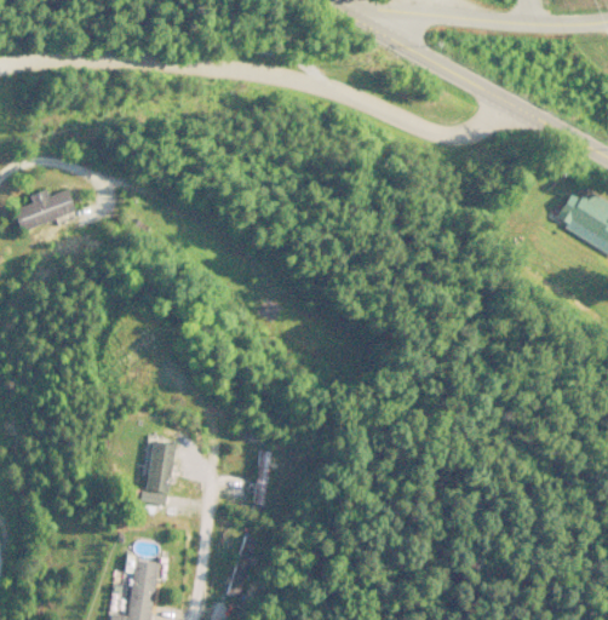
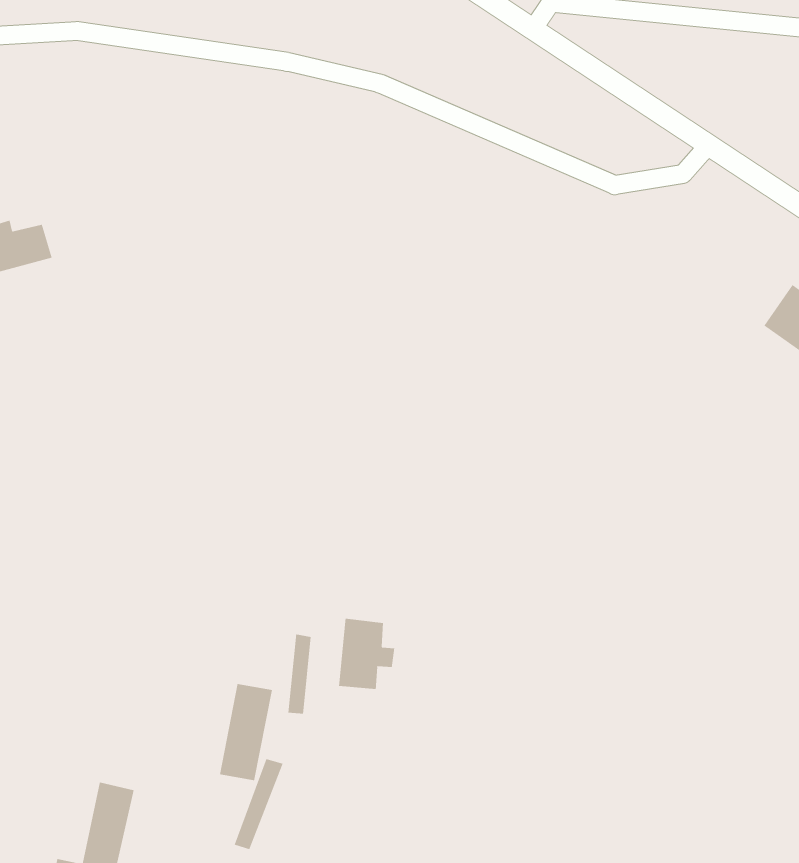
building: none -> [338,618,395,690]
building: [143,441,174,505] -> [219,683,273,781]

